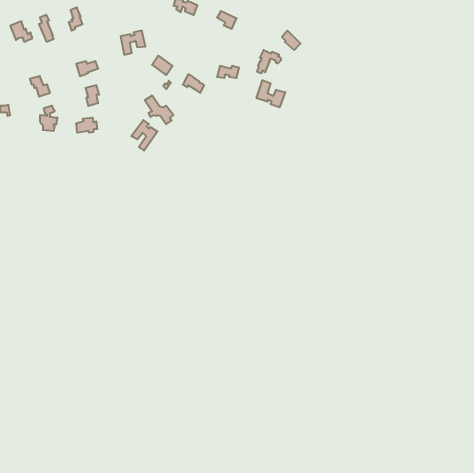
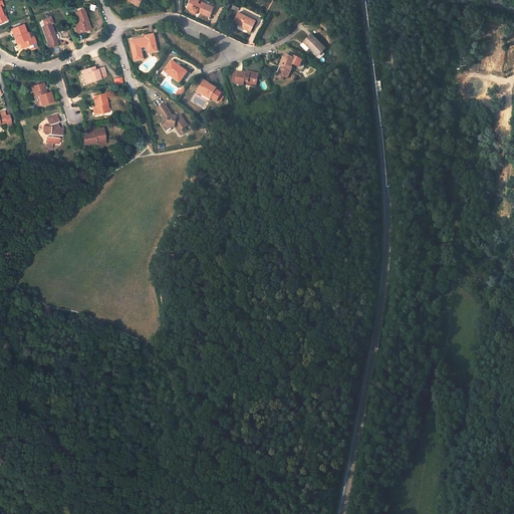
building: [257,80,285,107] -> none
building: [131,120,157,151] -> none

